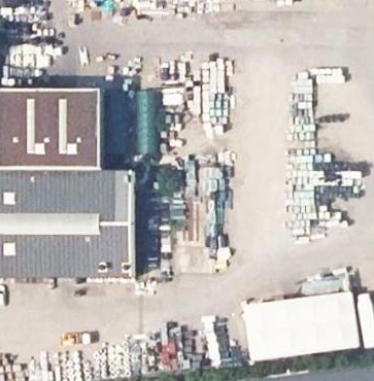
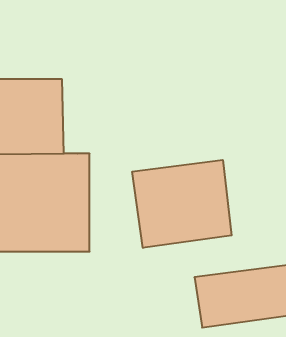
building: none -> [132,160,232,248]

